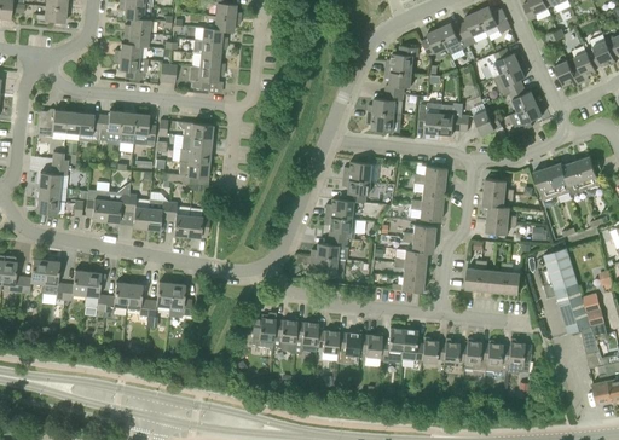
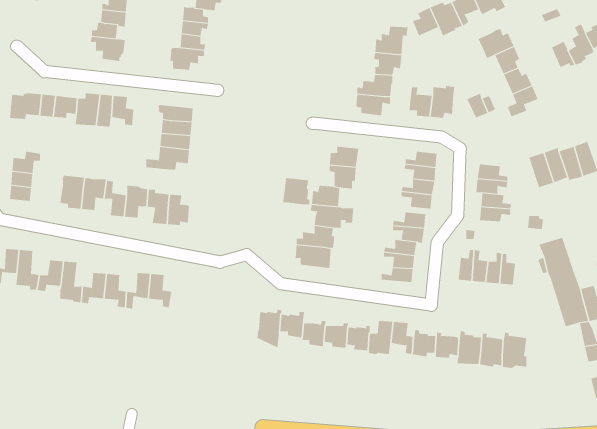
building: none -> [283,178,310,205]
building: [251,313,277,349] -> none

